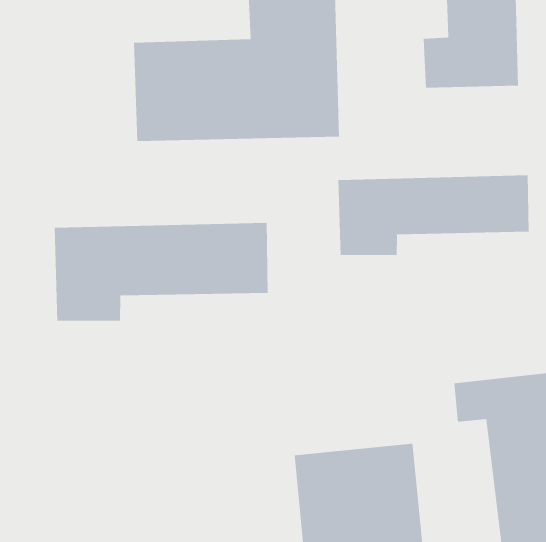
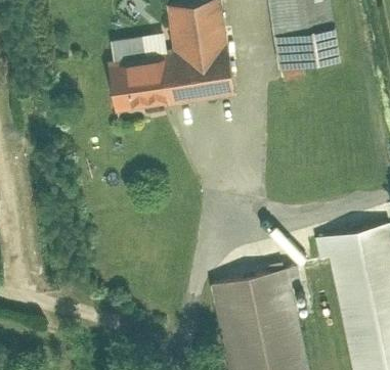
building: [338,174,529,256] -> none
building: [54,222,268,321] -> none

